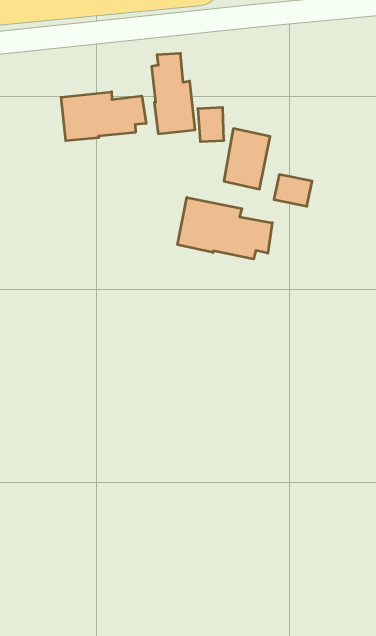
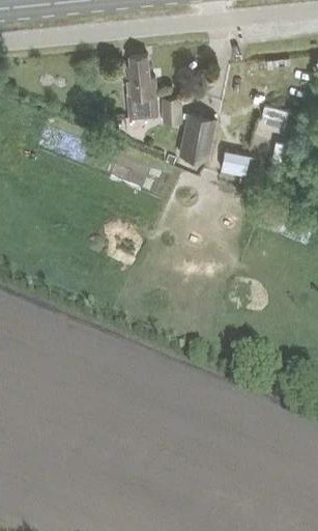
building: [61,92,146,141] -> none
building: [178,197,272,259] -> none

